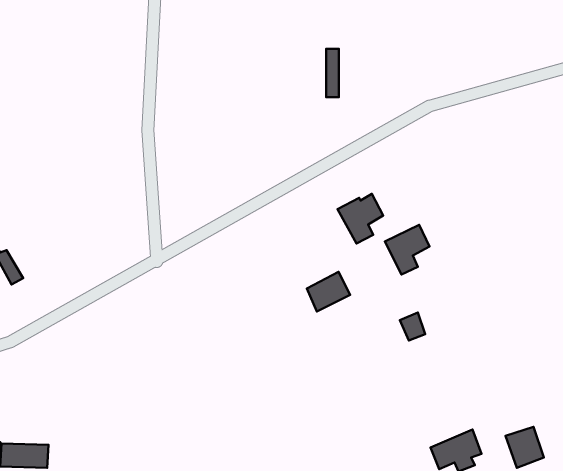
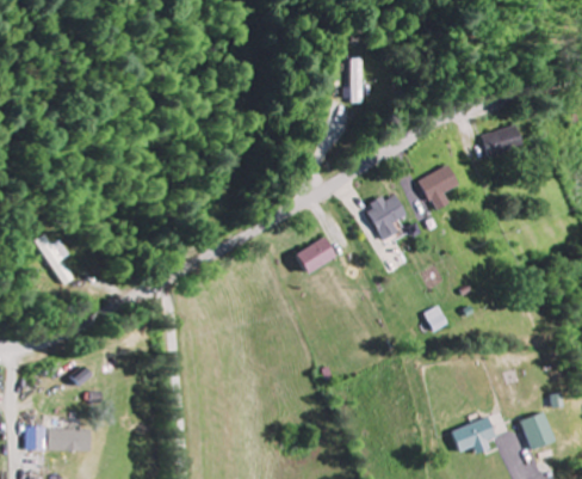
building: none -> [483,123,526,159]
building: [385,225,429,274] -> [420,164,462,210]
building: [307,272,350,311] -> [295,235,335,272]

